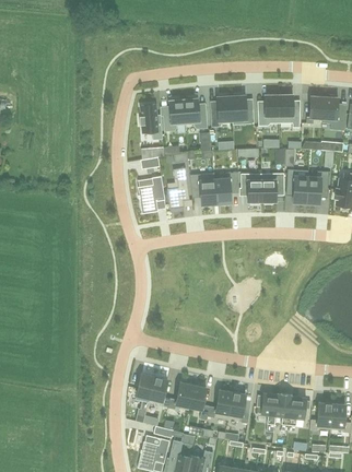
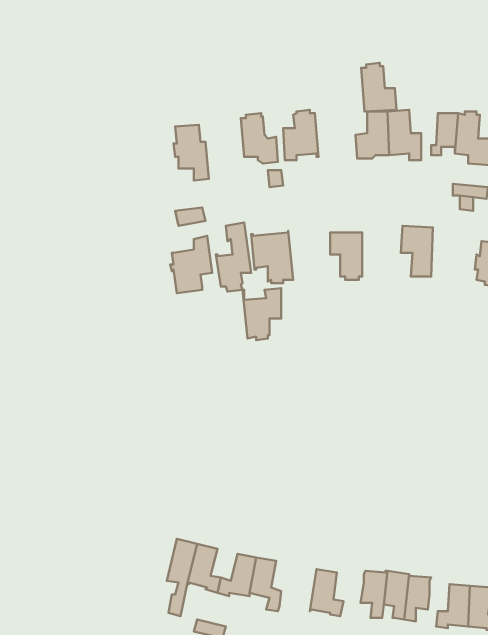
building: [231,93,254,125] -> [361,63,397,112]
building: [162,97,185,131] -> none
building: [306,170,328,203] -> none
building: [213,172,238,205] -> [243,288,281,340]
building: [261,173,283,204] -> none
building: [208,389,232,420] -> none

